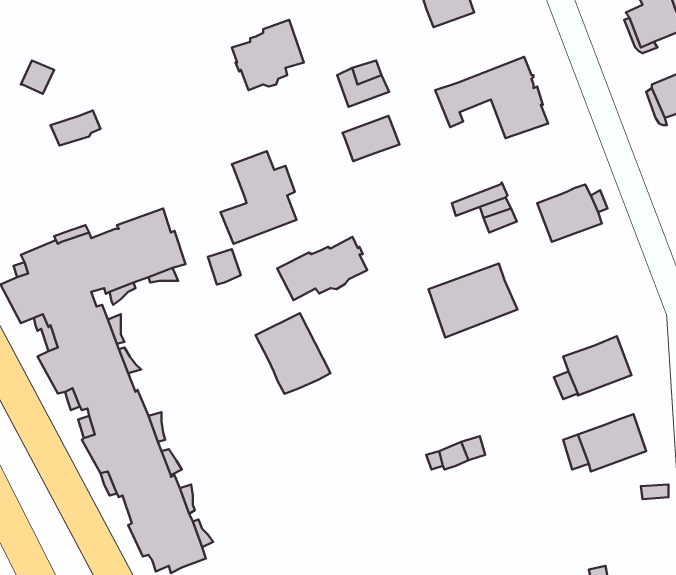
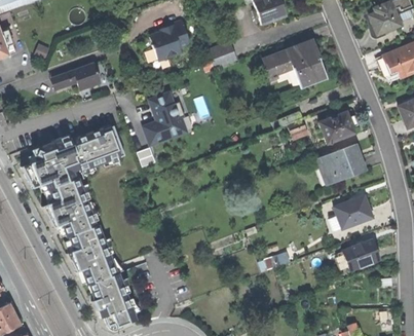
building: none -> [73,63,101,89]
building: [342,116,399,161] -> none
building: [277,237,367,300] -> none
building: [429,263,517,337] -> [317,144,367,185]
building: [256,313,330,394] -> none

